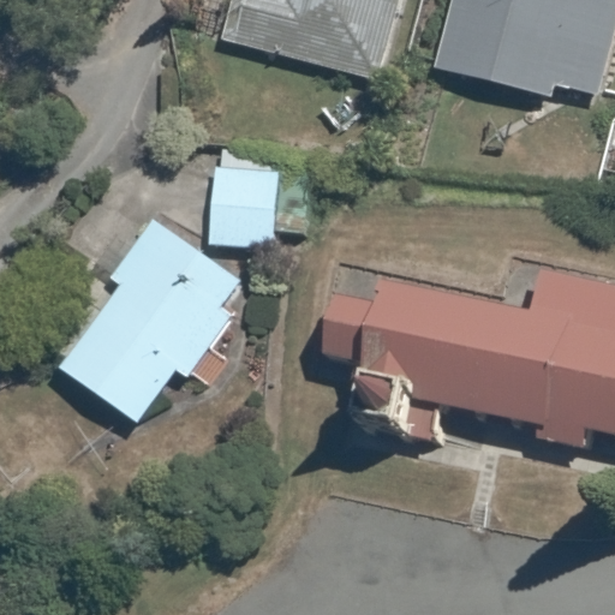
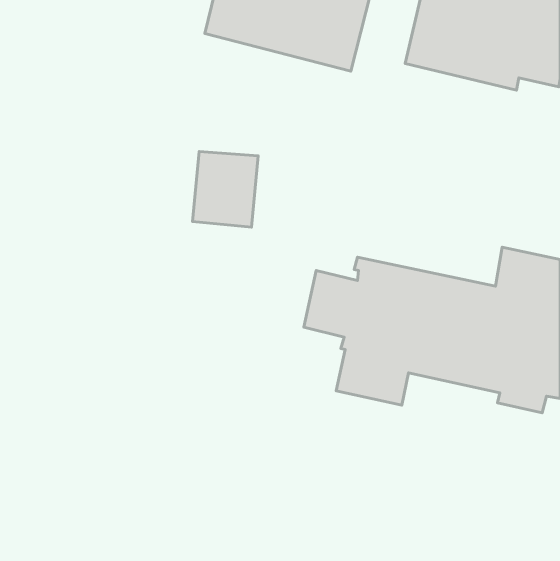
building: [62,216,241,422] -> none

